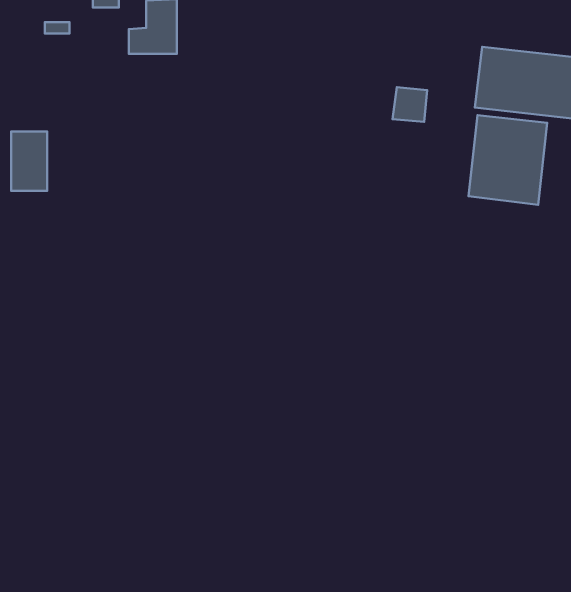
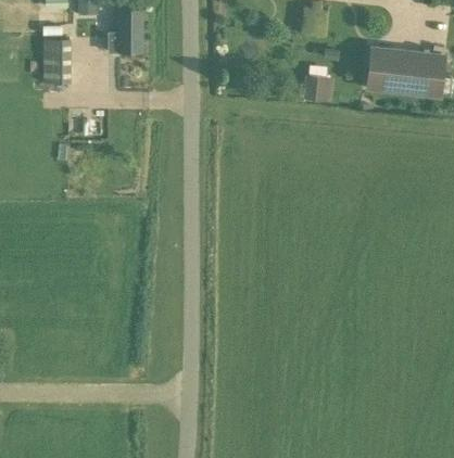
building: [469,115,547,205] -> none
building: [11,131,47,191] -> [45,39,72,84]

